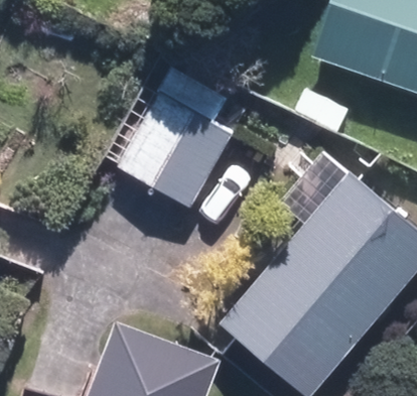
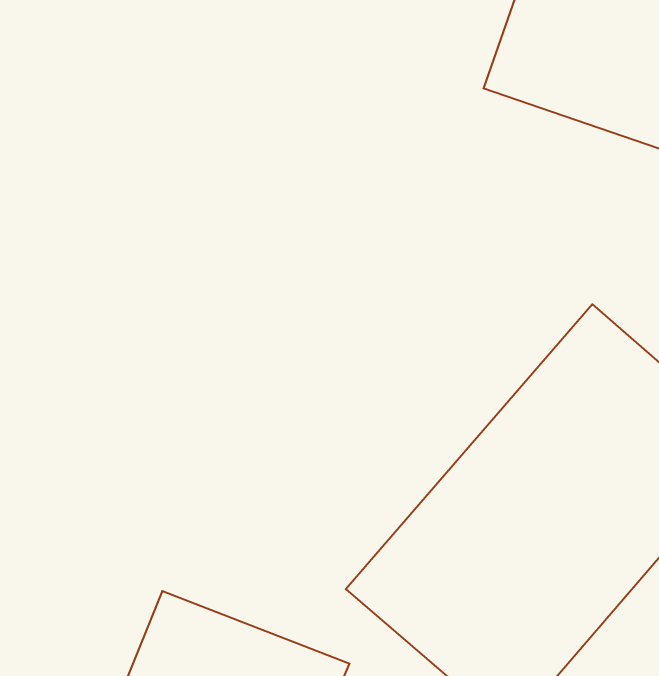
building: [116,96,225,207] -> none

